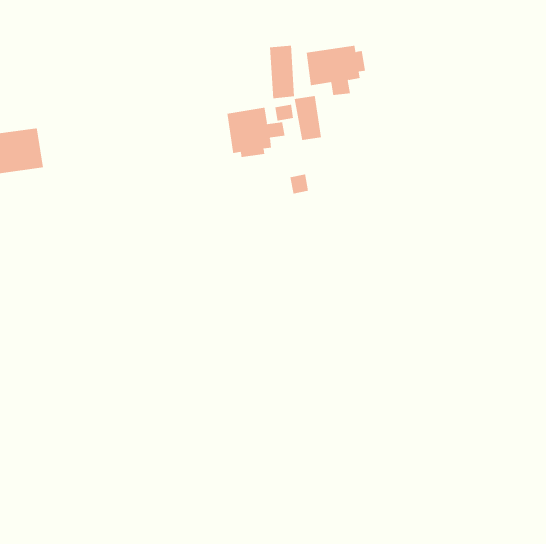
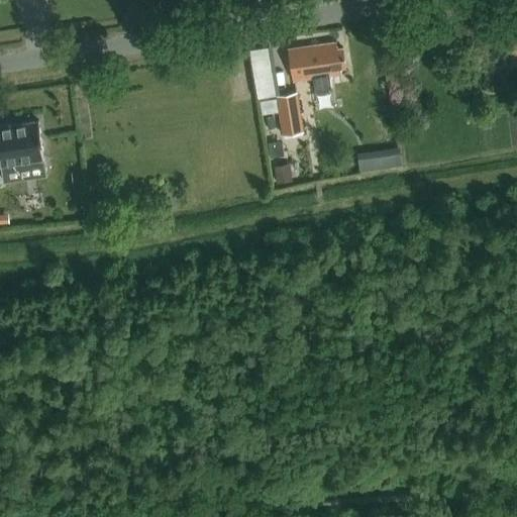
building: [227,107,285,158] -> none
building: none -> [360,149,403,169]

